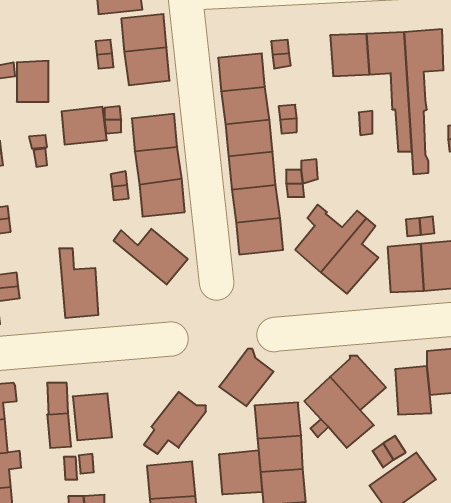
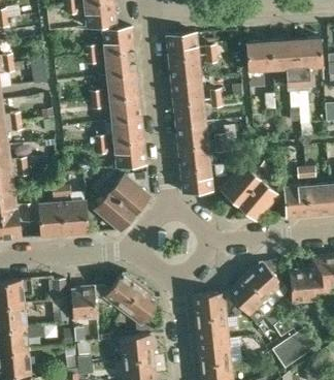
building: none -> [166,33,199,58]
building: [62,107,107,145] -> [108,73,139,99]
building: none -> [93,183,134,230]
building: none -> [38,188,65,238]
building: [219,349,274,406] -> [105,271,142,310]
building: [219,450,262,495] -> none

